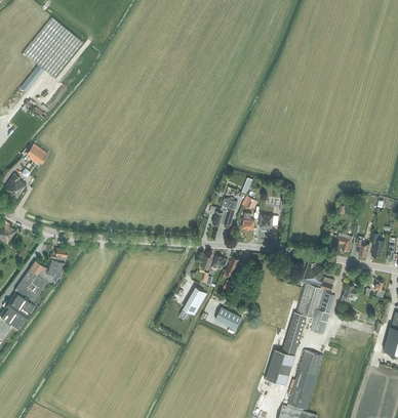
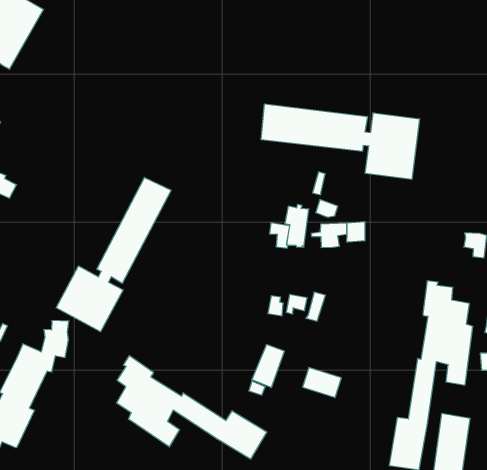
building: none -> [261,104,420,179]
building: none -> [56,177,171,332]
building: none -> [117,356,267,459]

